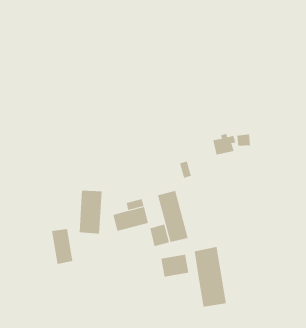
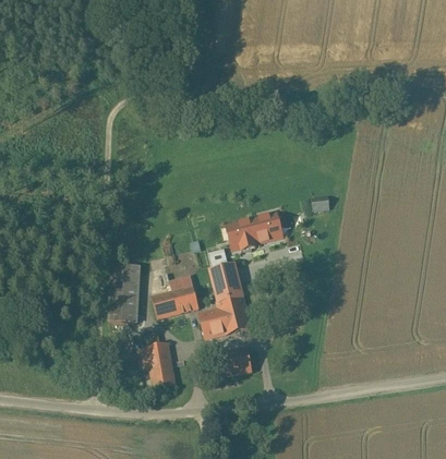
building: [213,133,236,155] -> [249,215,279,243]
building: [51,228,73,265] -> [146,342,174,389]
building: [194,246,226,307] -> none

